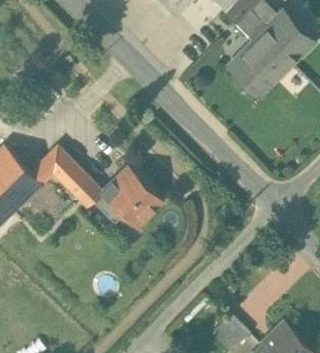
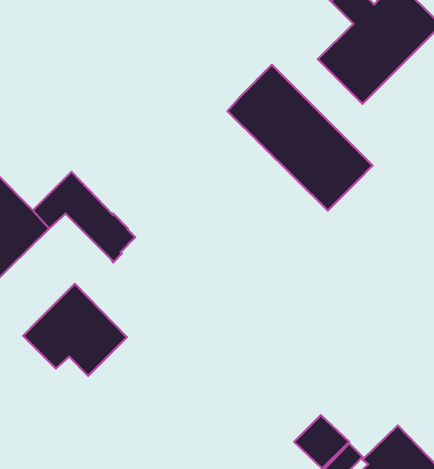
building: none -> [227,65,373,210]
building: [90,163,162,227] -> [23,284,127,376]

